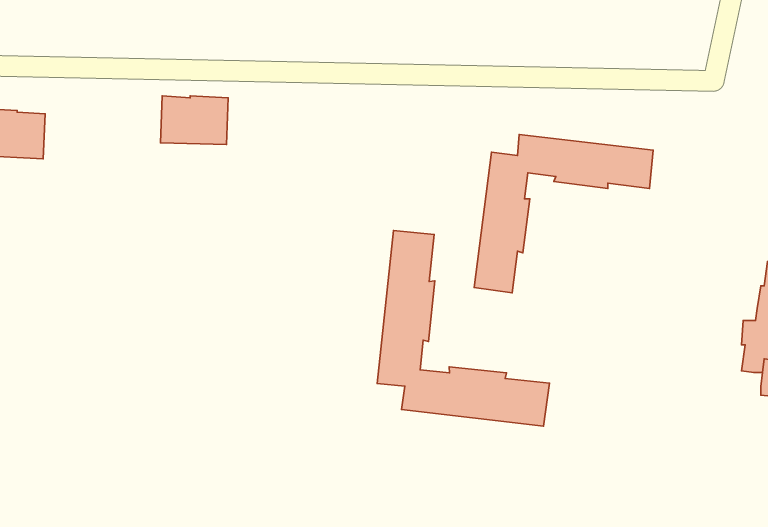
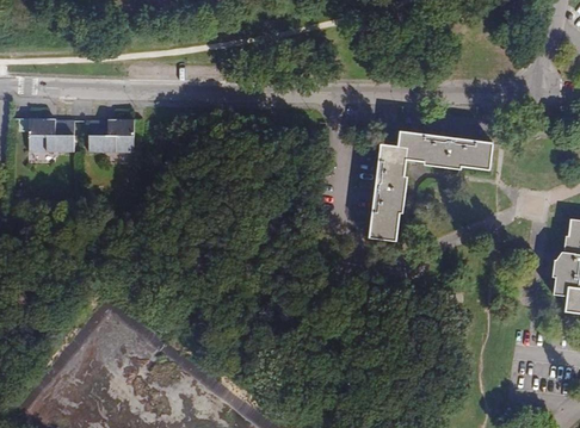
building: [161,96,228,145] -> [87,119,134,153]
building: [377,230,549,426] -> none

